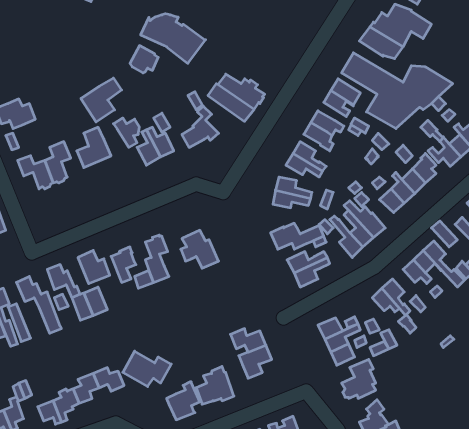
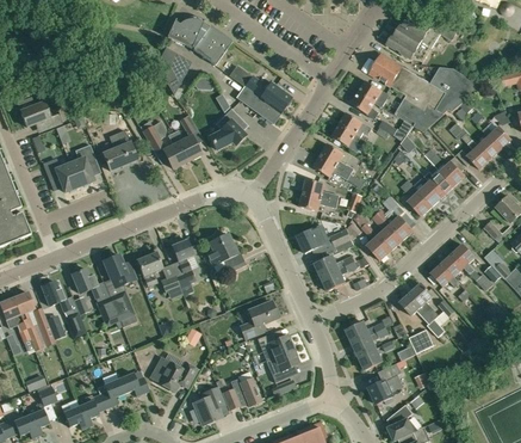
building: [81,78,122,122] -> none
building: none -> [240,300,278,338]

